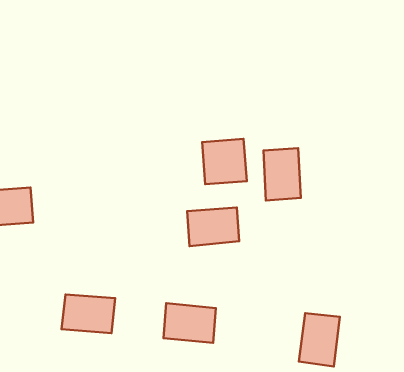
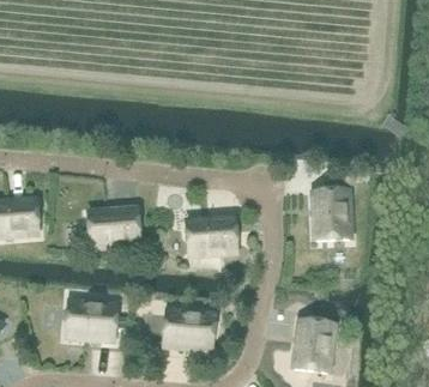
building: [202,139,247,184] -> none
building: [263,148,301,200] -> [314,188,350,238]
building: none -> [89,207,139,244]

